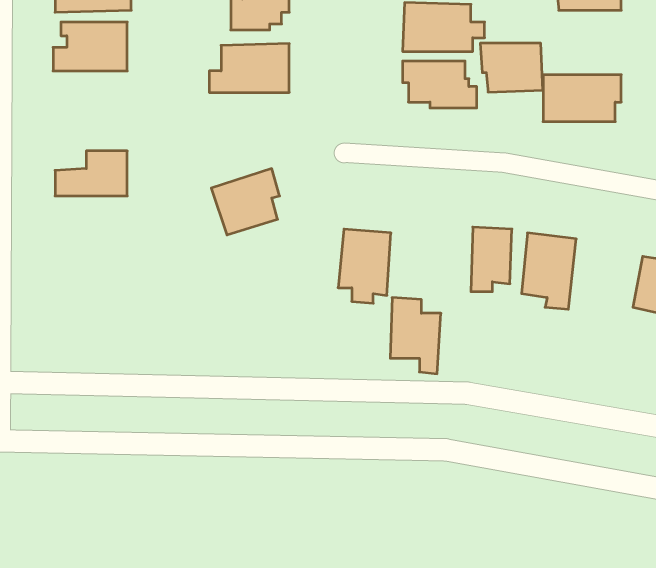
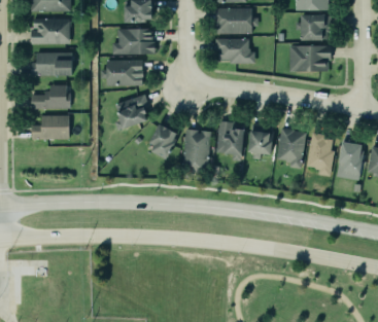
building: [480,43,543,92] -> [298,15,331,41]
building: none -> [32,52,72,76]
building: none -> [104,60,143,86]
building: none -> [32,115,69,140]
building: none -> [148,123,176,159]
building: none -> [304,132,333,176]
building: [390,298,441,374] -> [217,121,244,162]

